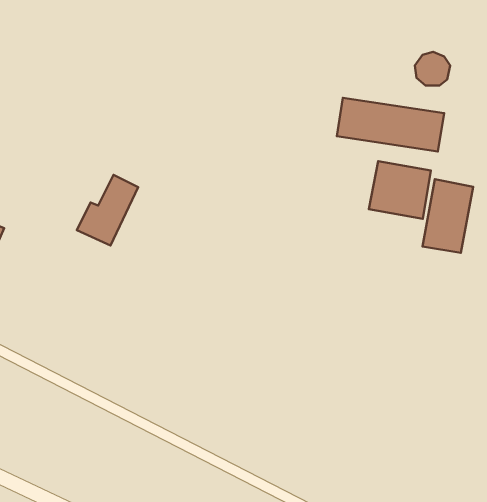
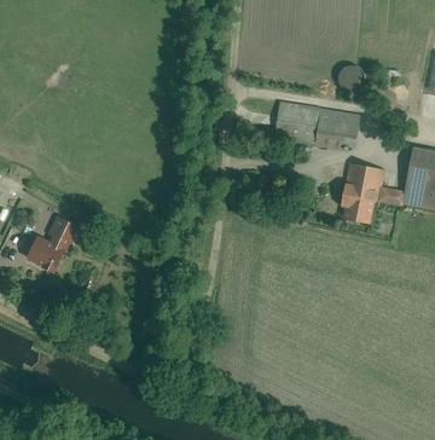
building: [369,161,431,219] -> none
building: [77,175,138,246] -> [27,218,75,273]

